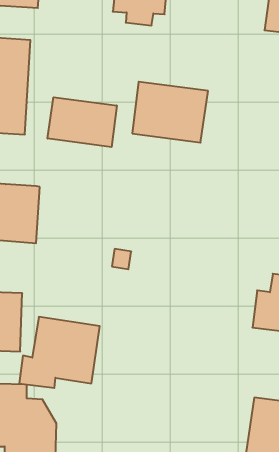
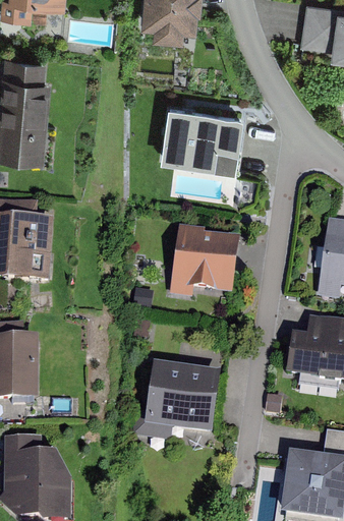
building: [48,97,117,147] -> none
building: none -> [171,225,241,295]
building: [19,317,100,388] -> [133,361,222,440]

